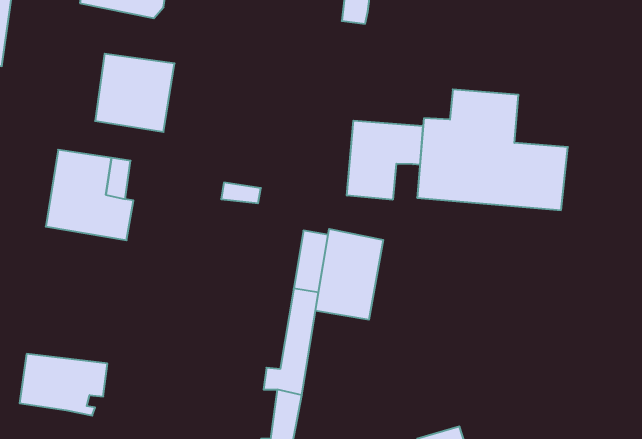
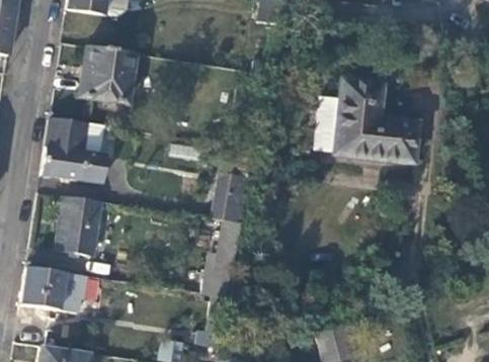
building: [347,121,423,200] -> none
building: [315,229,383,320] -> none
building: none -> [57,196,102,255]

